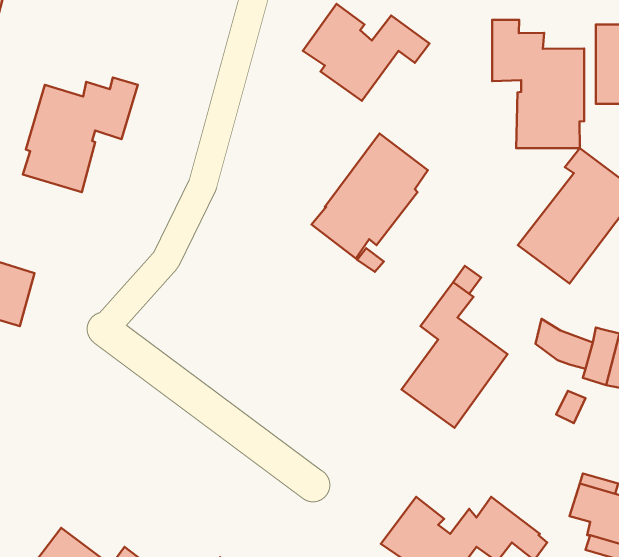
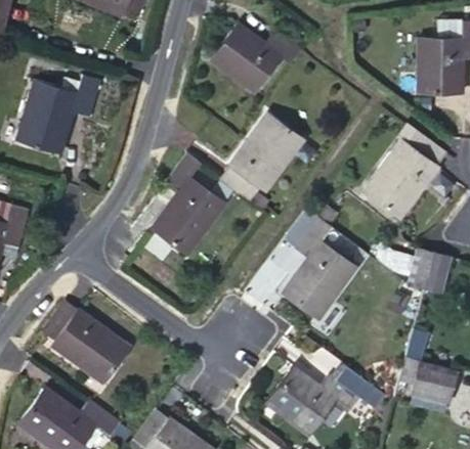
building: [492,20,584,148] -> none
building: none -> [152,153,225,255]
building: none -> [43,300,130,383]

